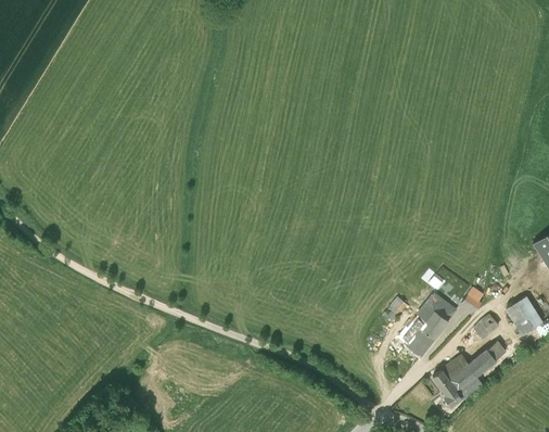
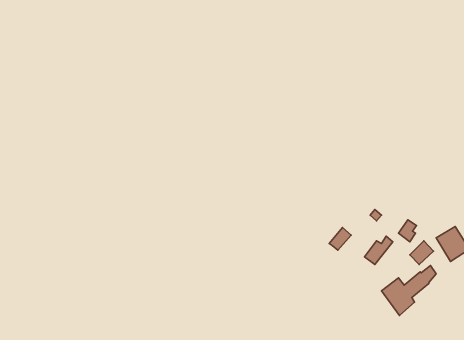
building: [399,293,447,356] -> none
building: [432,369,462,406] -> none

